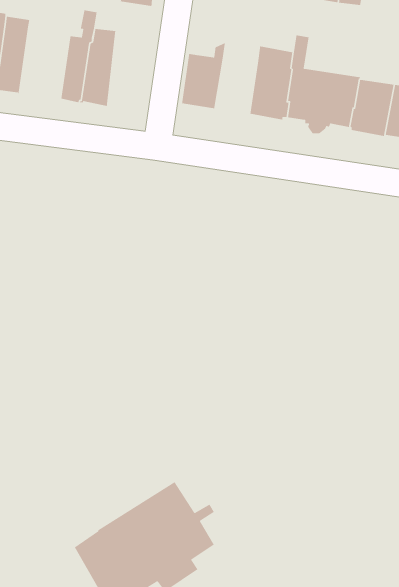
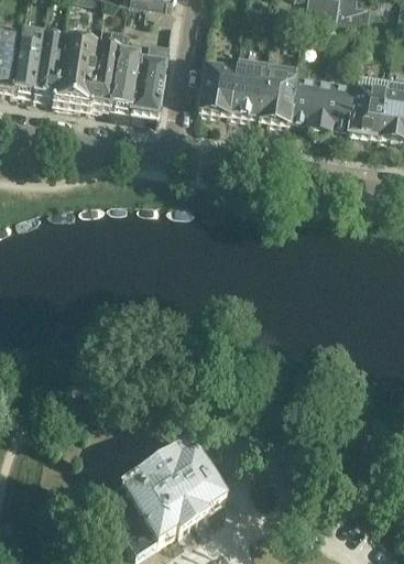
building: none -> [56,30,102,106]
building: none -> [134,39,172,113]
building: none -> [229,52,269,116]

